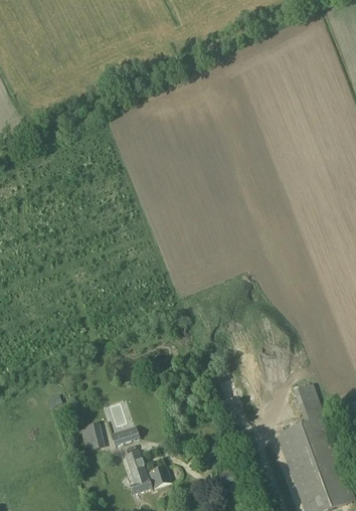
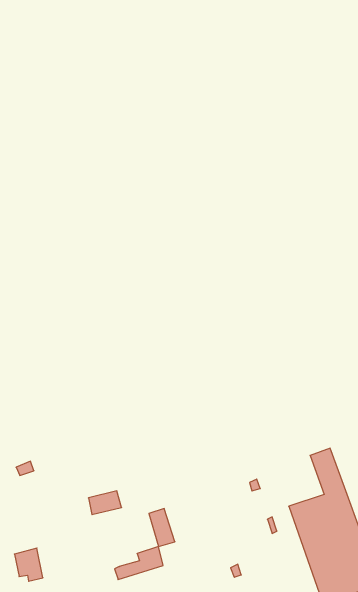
building: [80,421,105,450] -> [14,548,43,581]
building: [126,452,148,484] -> [149,509,175,546]

